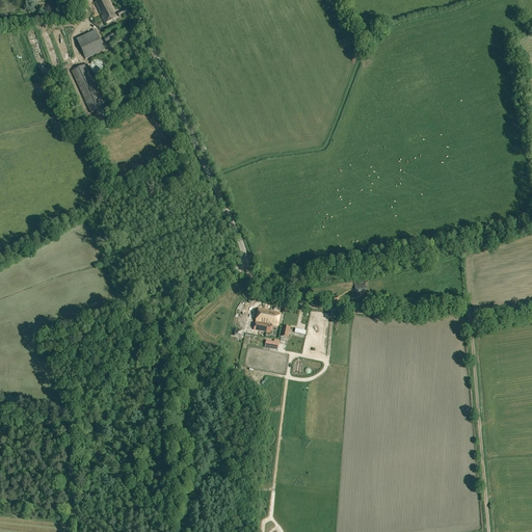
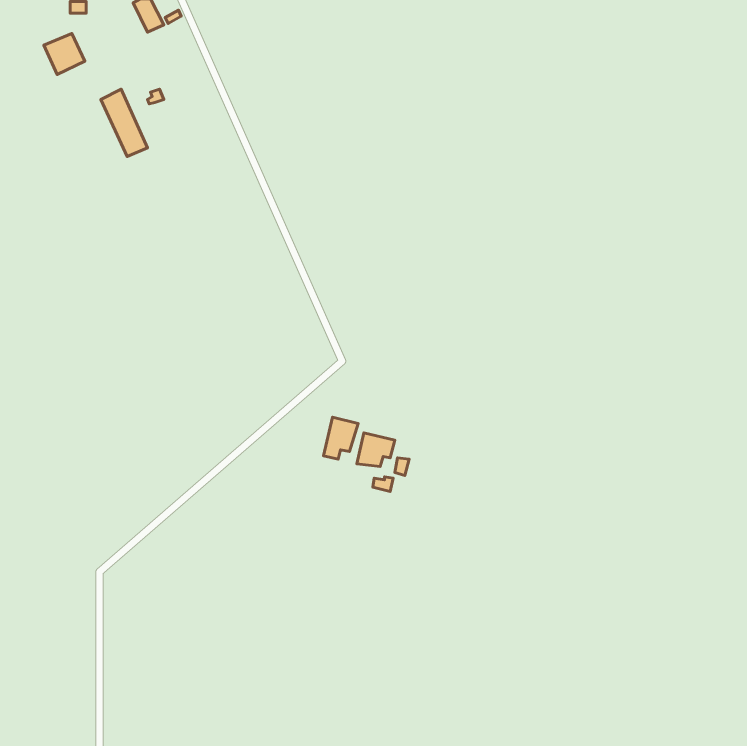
building: [76,30,105,59] -> [44,33,85,74]
building: none -> [323,417,358,459]

